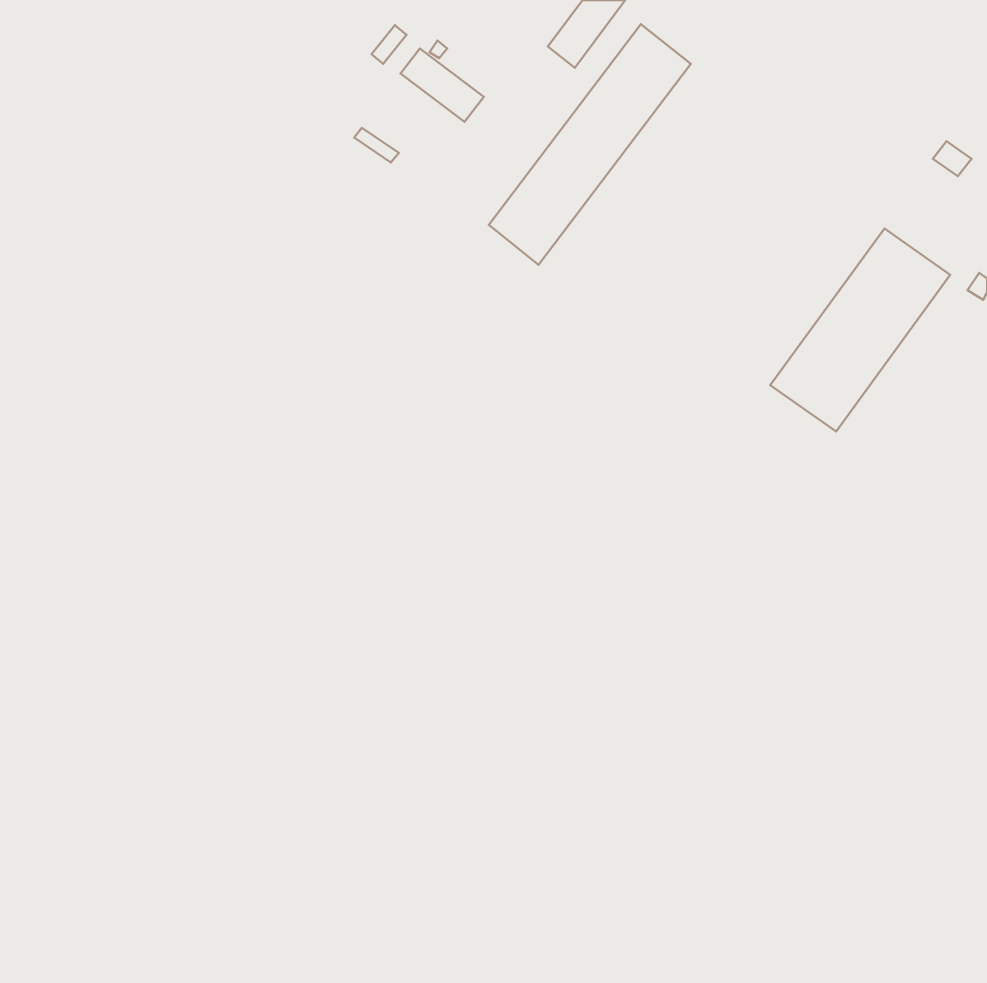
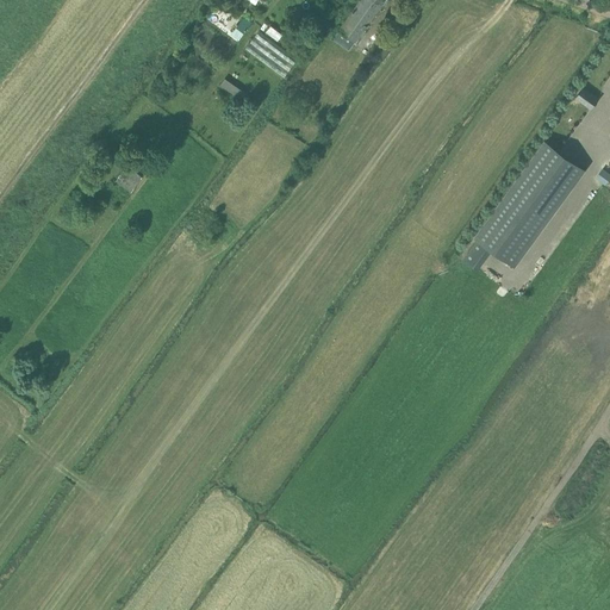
building: [489,24,691,265] -> none

